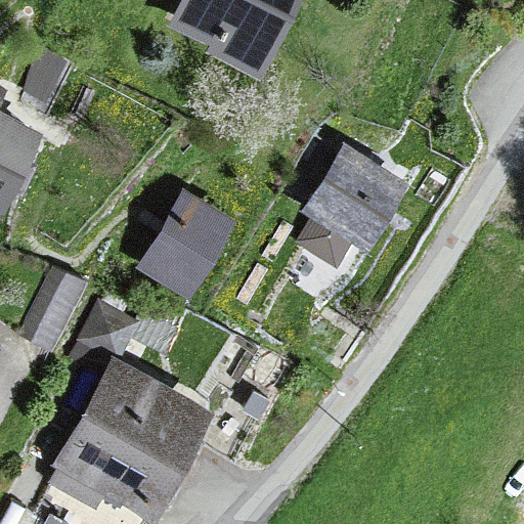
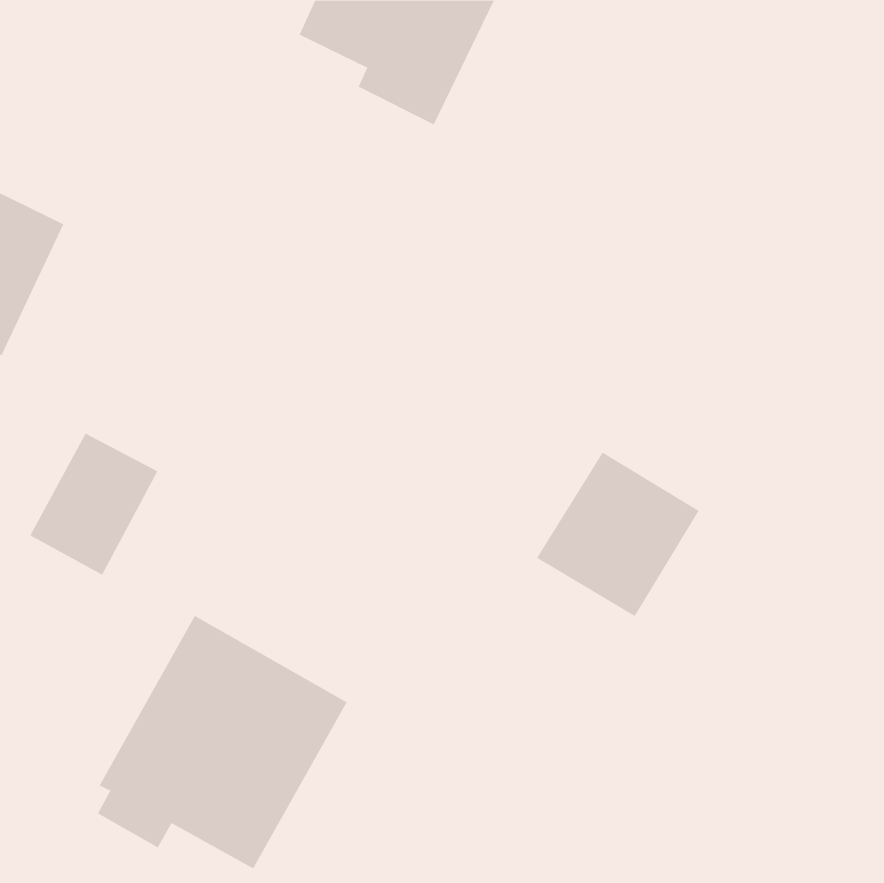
building: [308,152,404,250] -> [536,452,699,617]
building: [142,194,232,294] -> none

